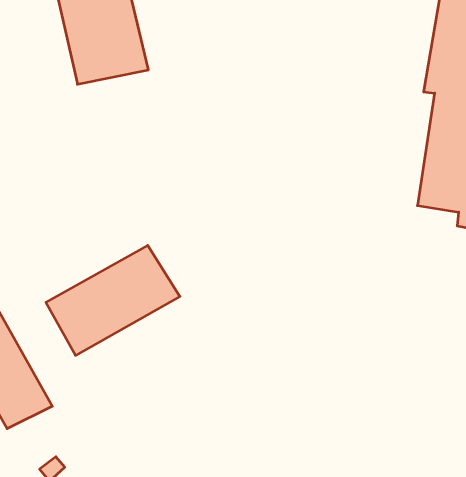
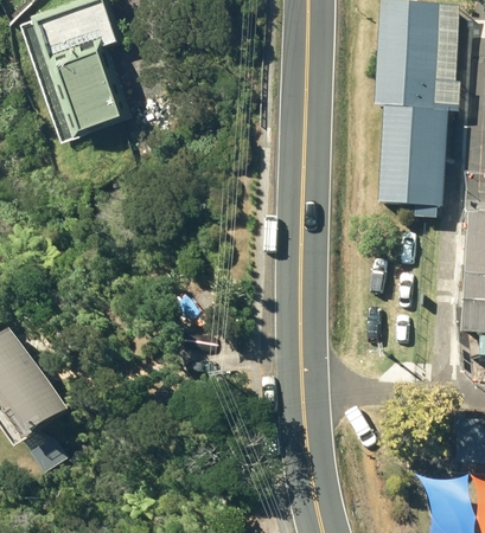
building: [46,245,180,355] -> none

